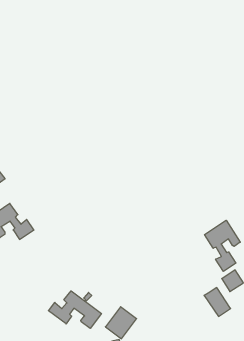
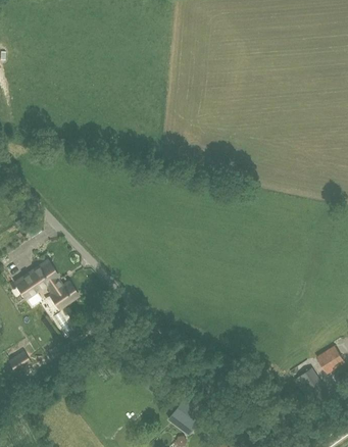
building: [205,220,240,271] -> none
building: [48,291,101,328] -> none

